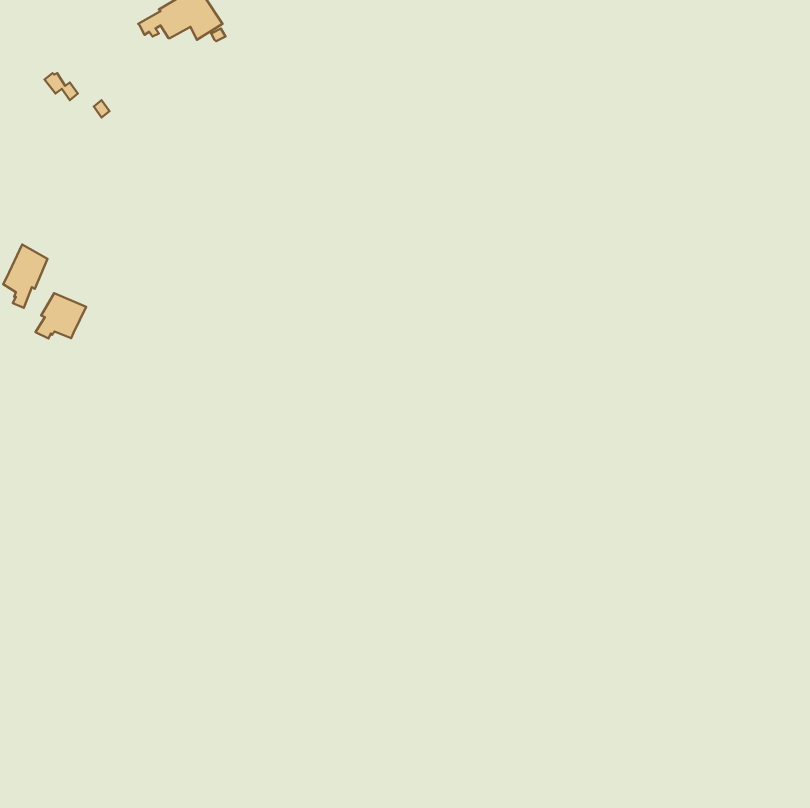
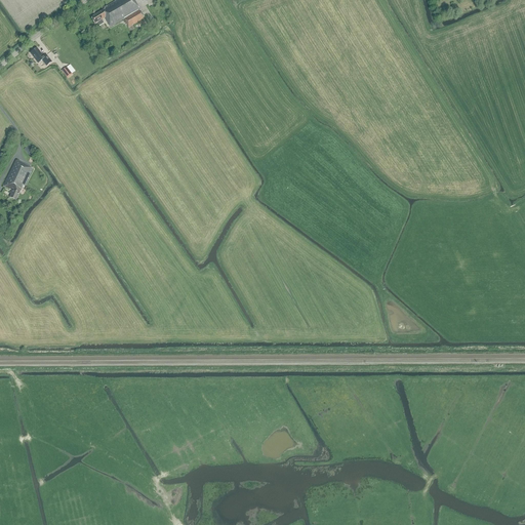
building: [36,293,86,339] -> none

